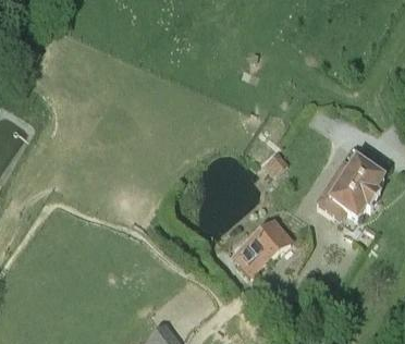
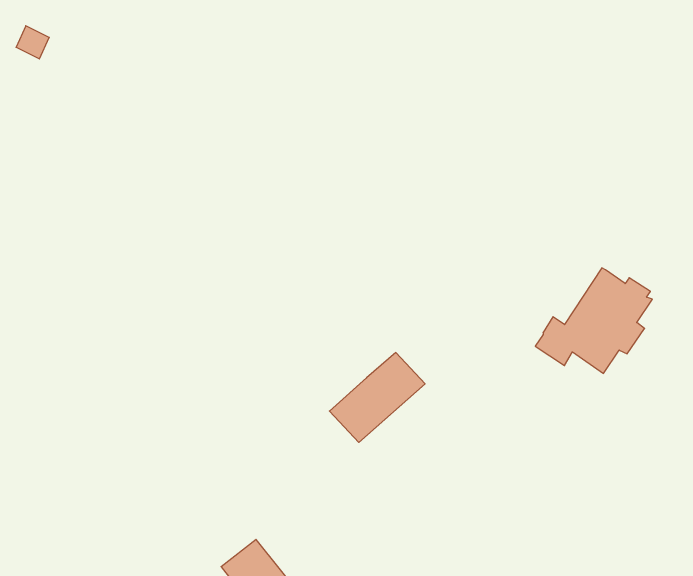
building: [234,228,287,278] -> [329,353,425,442]

